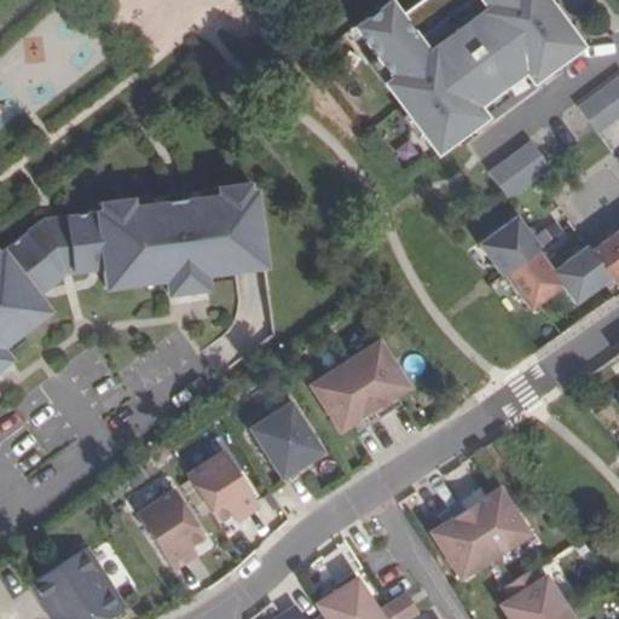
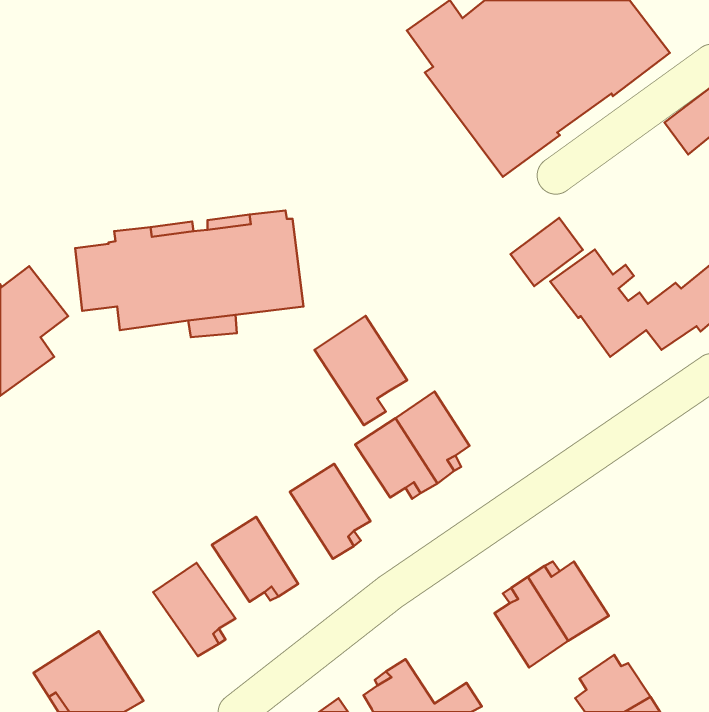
building: [490,140,553,199] -> [511,218,583,286]
building: [28,215,74,274] -> none
building: none -> [315,316,407,425]

